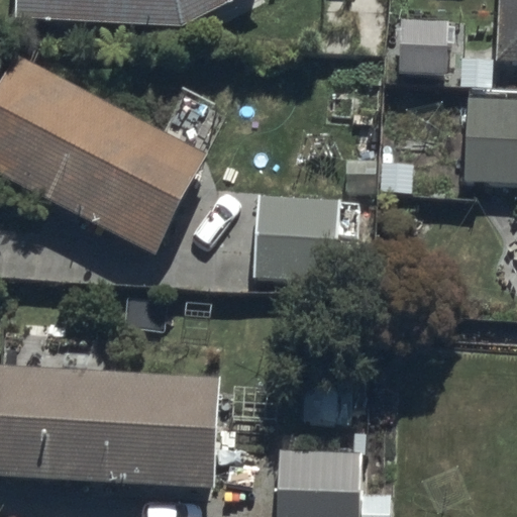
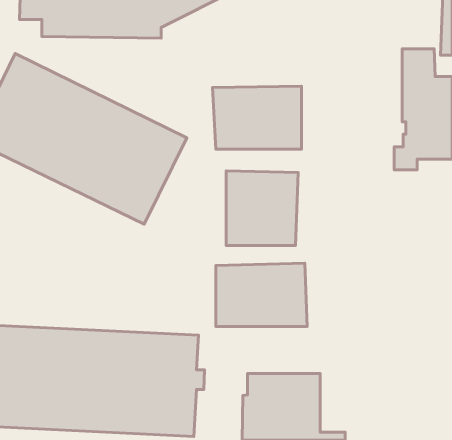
building: none -> [213,86,301,149]
building: none -> [216,263,307,326]

